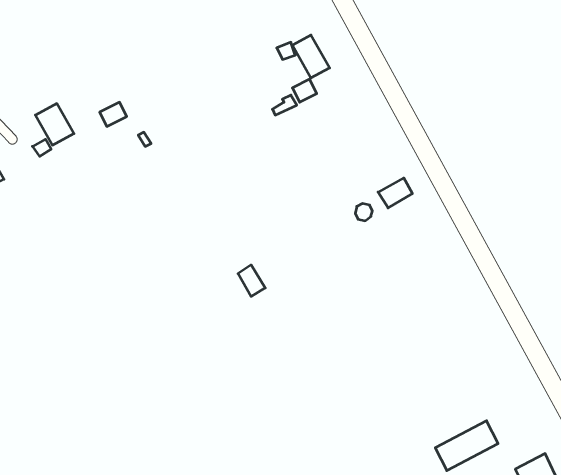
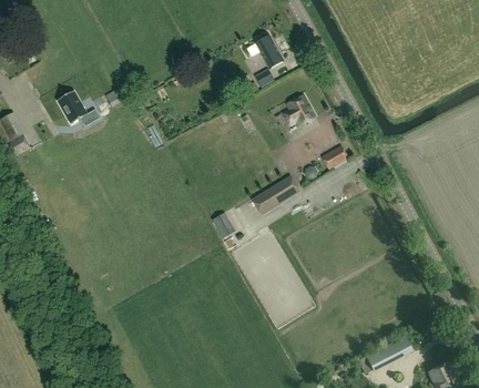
building: none -> [282,94,315,125]
building: none -> [253,174,300,213]

